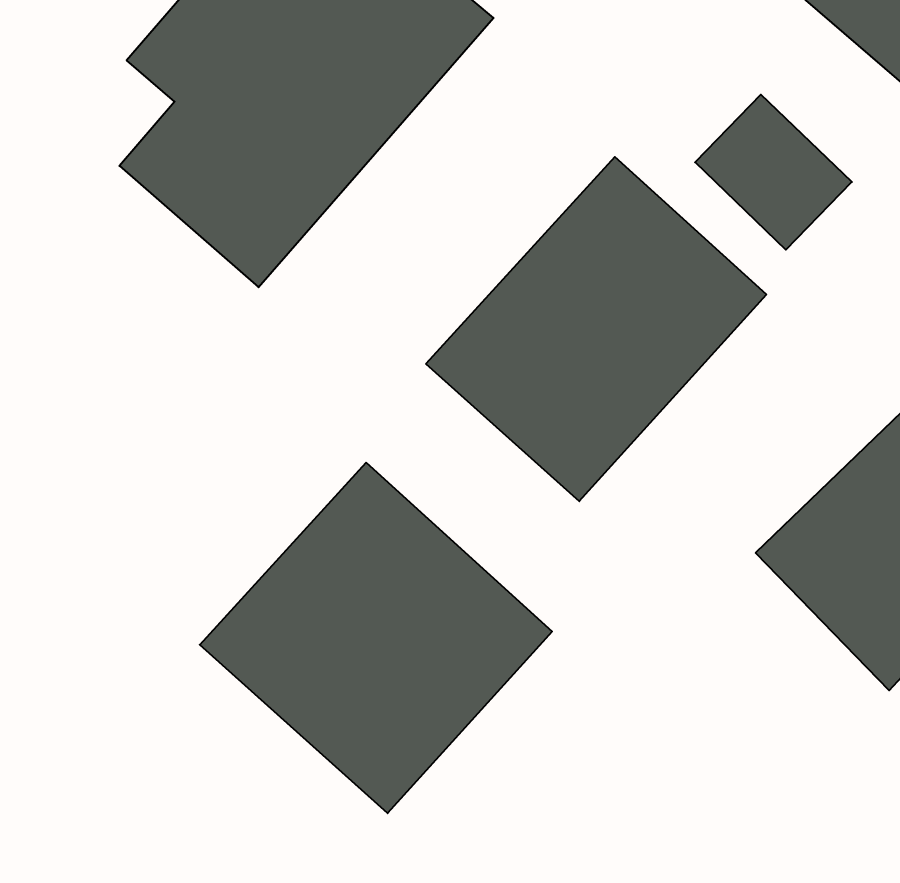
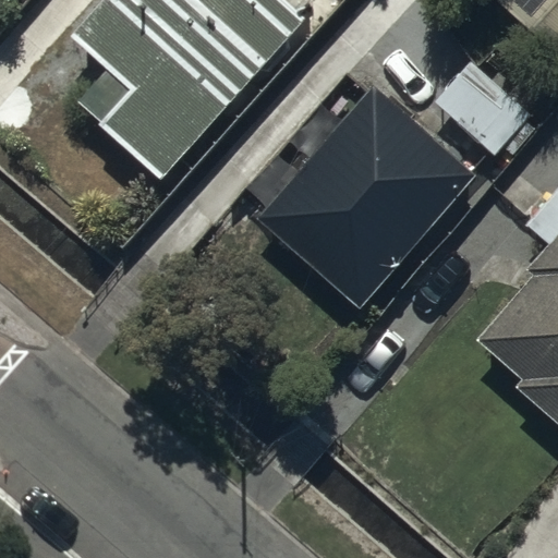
building: [200,463,552,813] -> none

